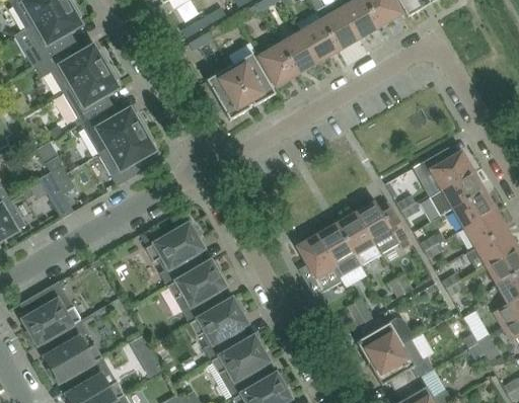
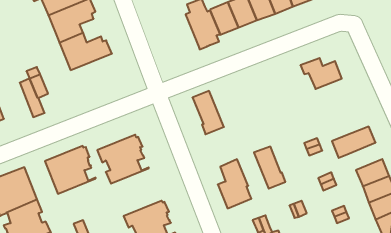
building: [206,66,252,119] -> none
building: [98,127,155,185] -> none
building: [420,150,472,188] -> [300,58,342,89]
building: [453,189,495,227] -> none
building: [356,200,412,253] -> none
building: [317,223,361,276] -> [192,91,224,134]
building: [167,260,232,323] -> [45,146,96,194]

